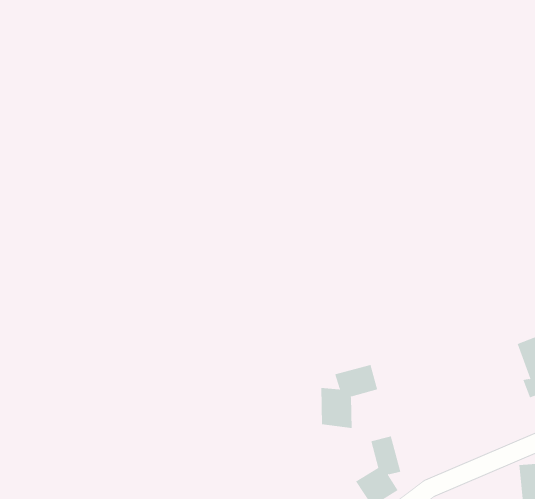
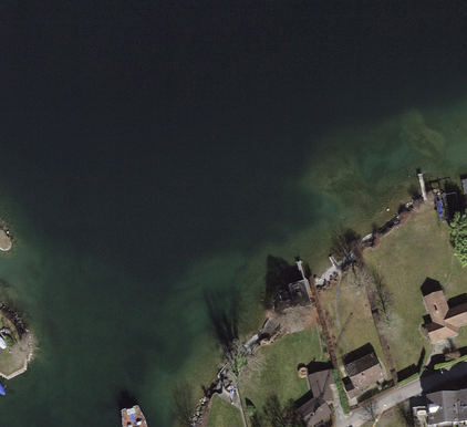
building: [321,364,378,429] -> none
building: none -> [343,352,385,393]

